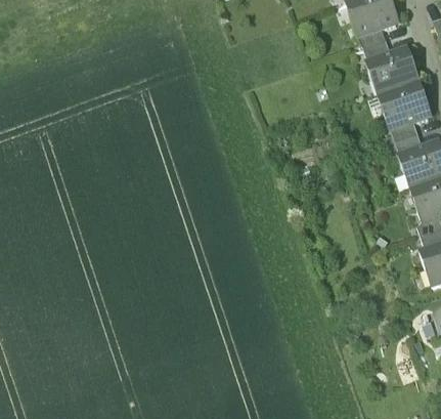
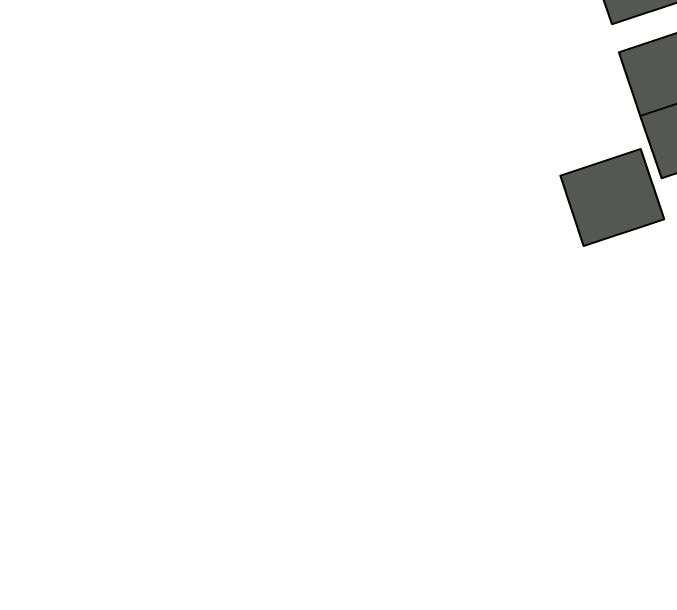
building: none -> [560,149,664,246]

